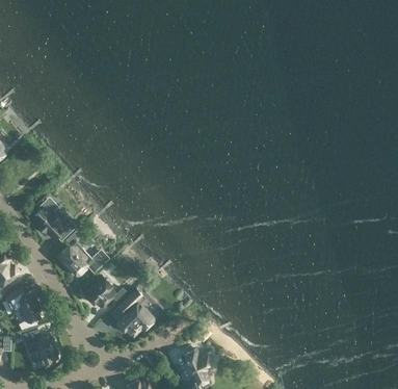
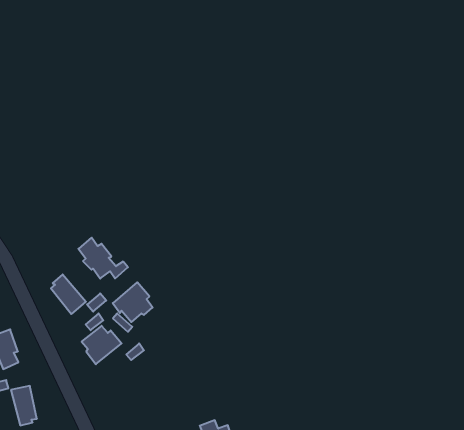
building: [34,206,74,237] -> [78,238,128,279]
building: [115,304,147,335] -> [113,282,153,322]

